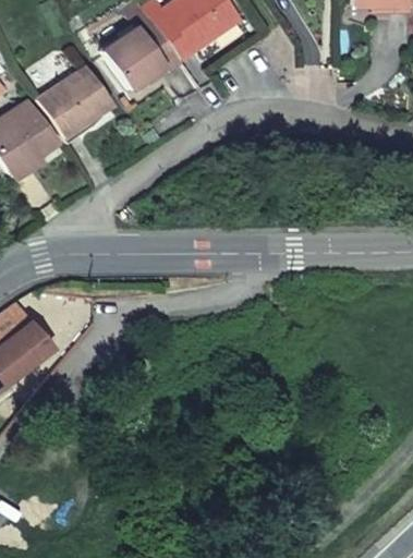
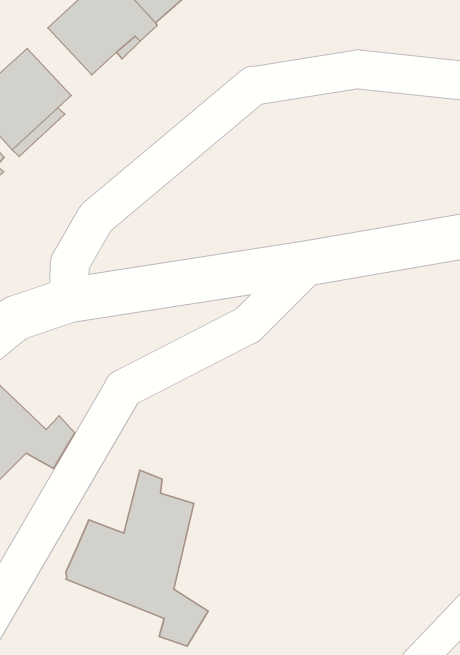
building: none -> [66,470,208,646]

